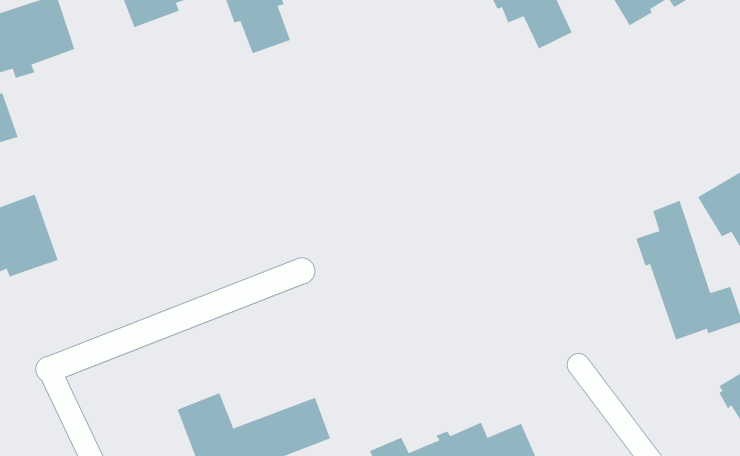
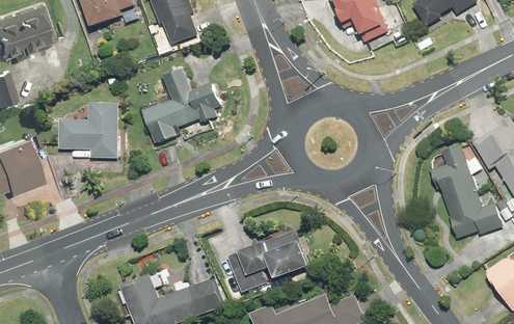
building: none -> [141,69,221,143]
building: none -> [58,102,117,158]
building: none -> [226,228,308,292]

